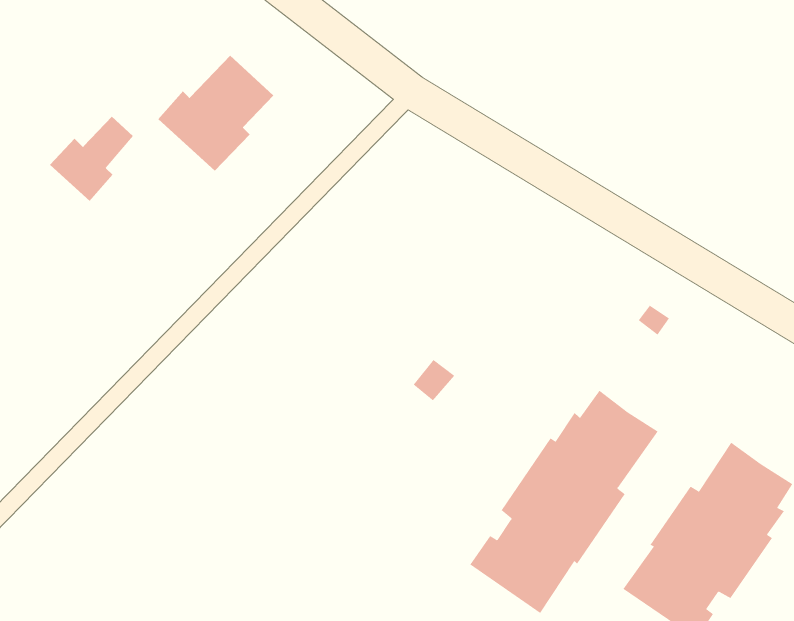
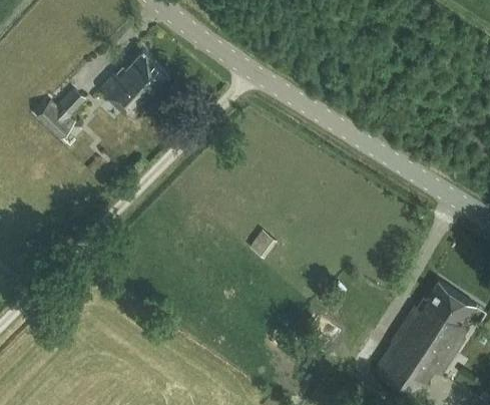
building: [469,390,659,614] -> none

